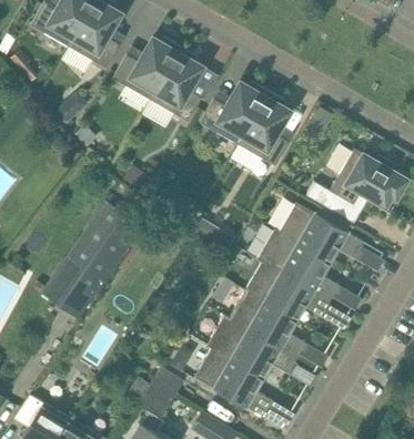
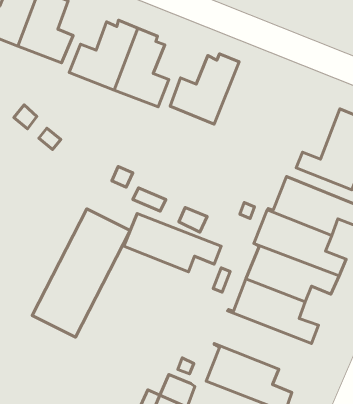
building: [238,91,291,165] -> none
building: [208,316,296,376] -> [124,214,221,272]

